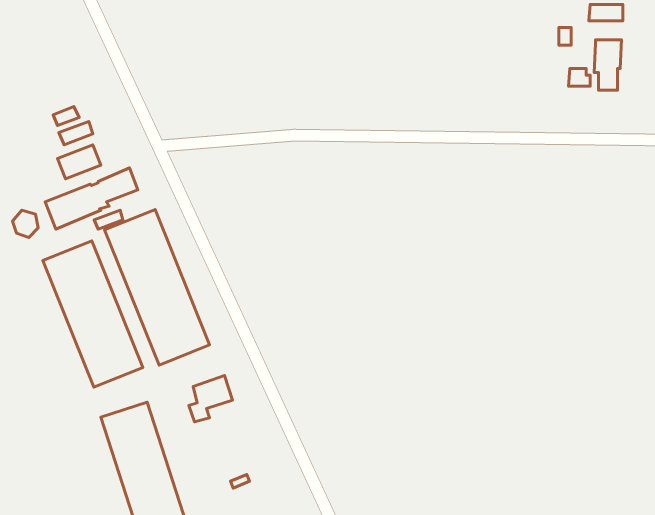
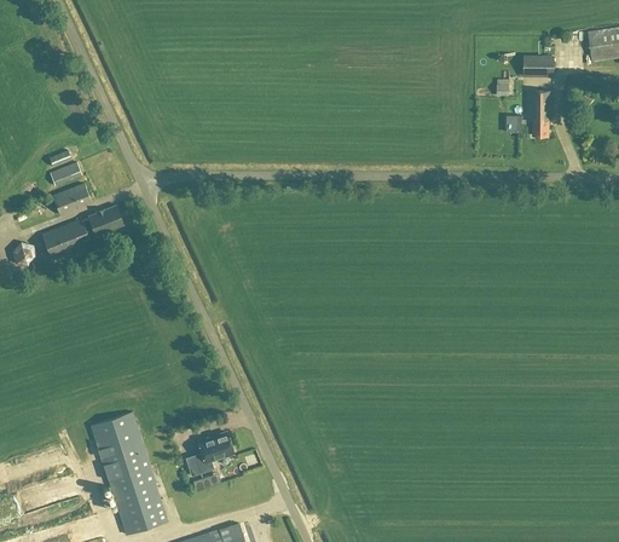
building: [105,209,210,365] -> none
building: [43,241,143,387] -> none
building: [189,376,233,422] -> [195,432,233,473]

